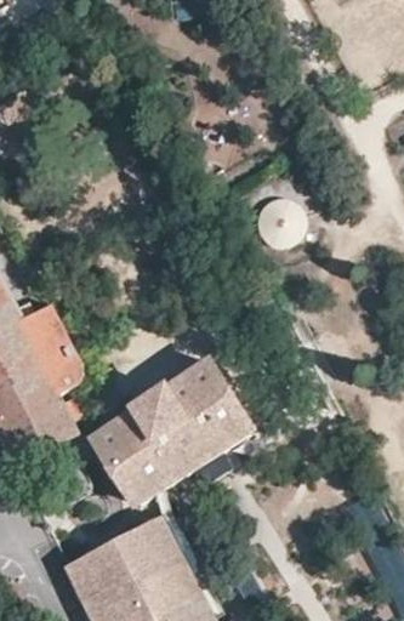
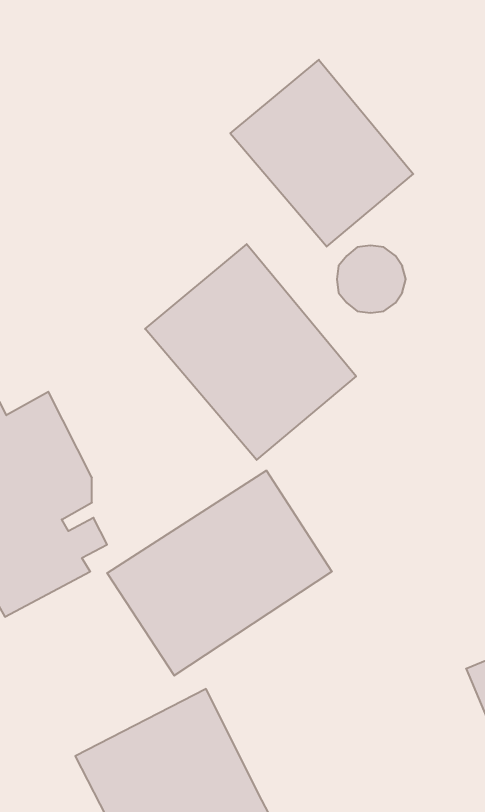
building: none -> [230,60,413,247]
building: none -> [145,244,356,460]

